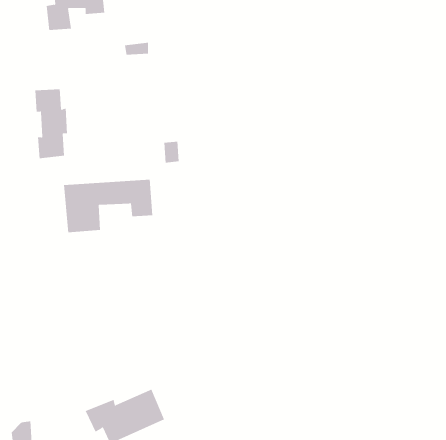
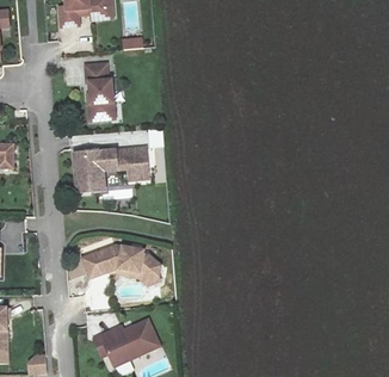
building: [34,89,68,159] -> [85,64,112,122]
building: none -> [80,247,156,278]

